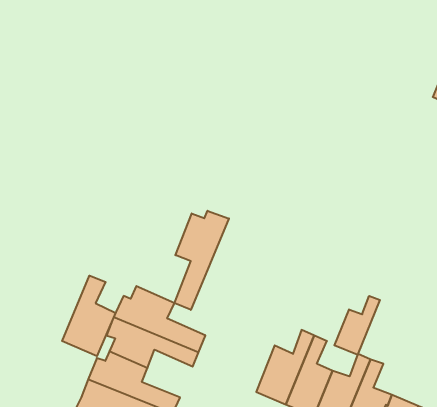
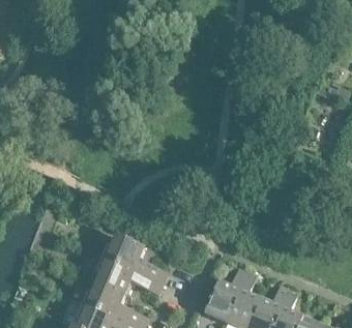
building: [174,211,229,310] -> none
building: [62,276,116,356] -> none
building: [334,296,380,355] -> none

